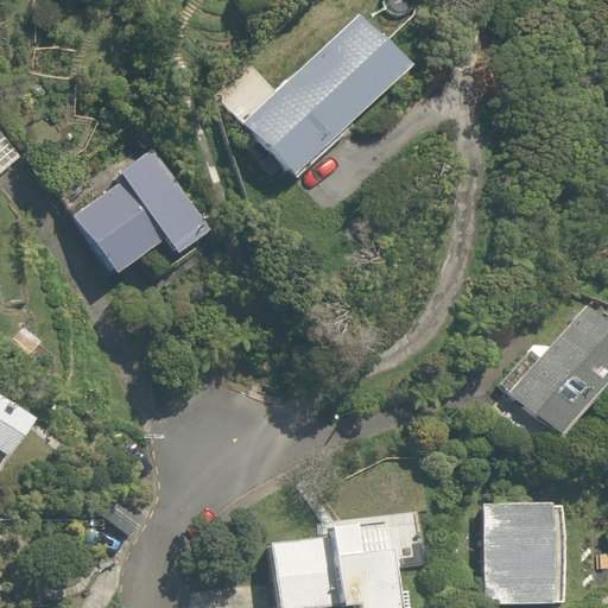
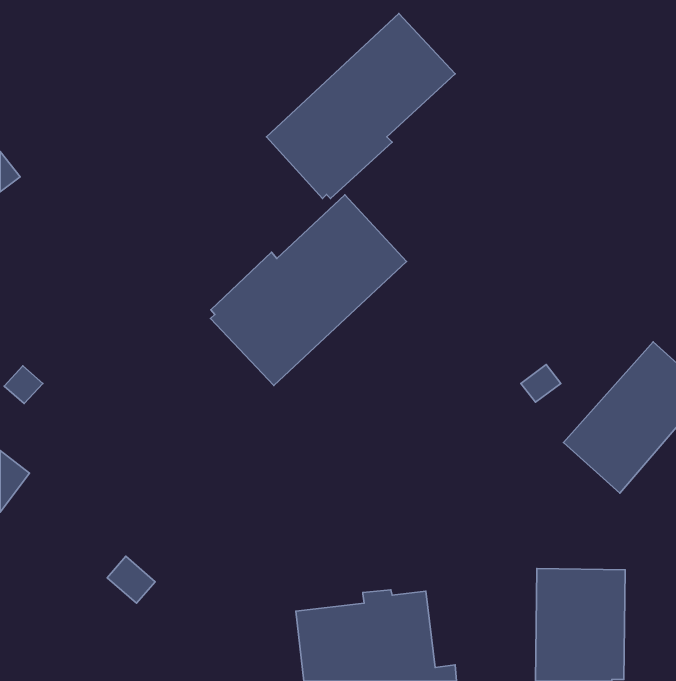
building: [72,146,214,274] -> none
building: none -> [211,195,407,385]

